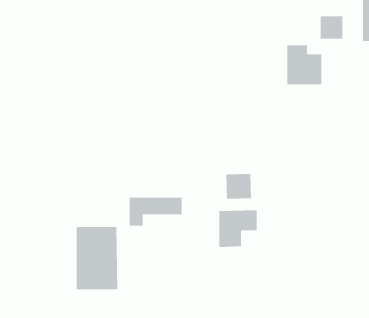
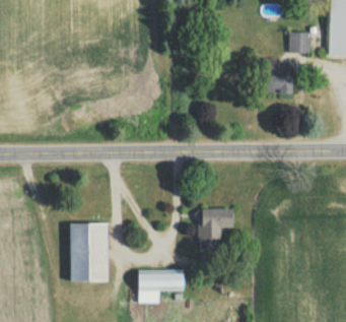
building: [226,173,251,199] -> none
building: [129,197,182,226] -> [138,273,187,300]

